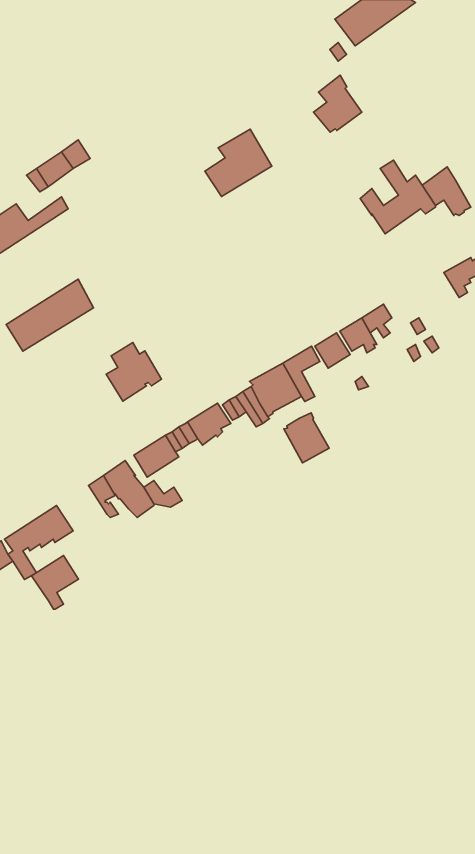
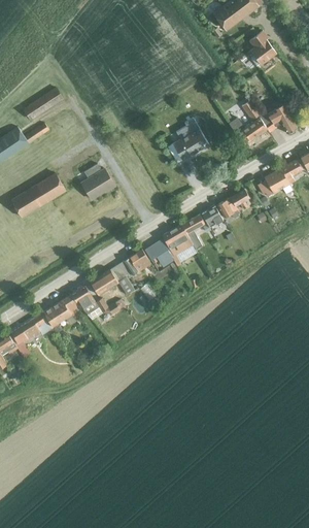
building: [313,75,362,132] -> [247,31,277,66]
building: [205,129,272,196] -> [168,122,209,163]
building: none -> [259,169,294,196]
building: [106,342,161,401] -> [82,164,116,200]
building: [284,413,329,463] -> none
building: [32,556,79,609] -> [43,300,72,333]

